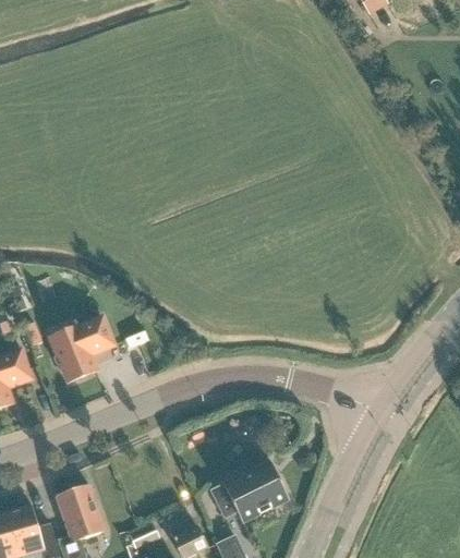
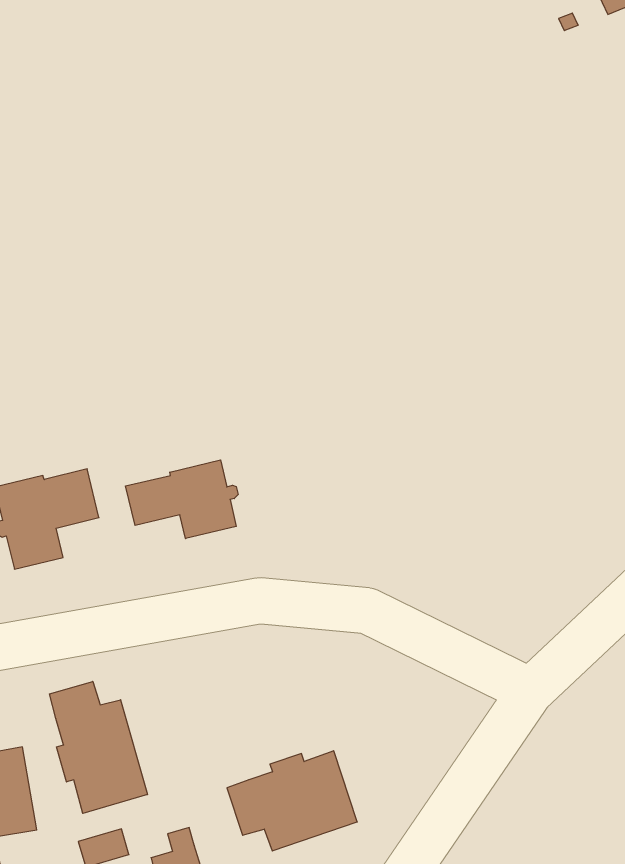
building: none -> [126,460,238,539]
building: none -> [50,681,147,813]

